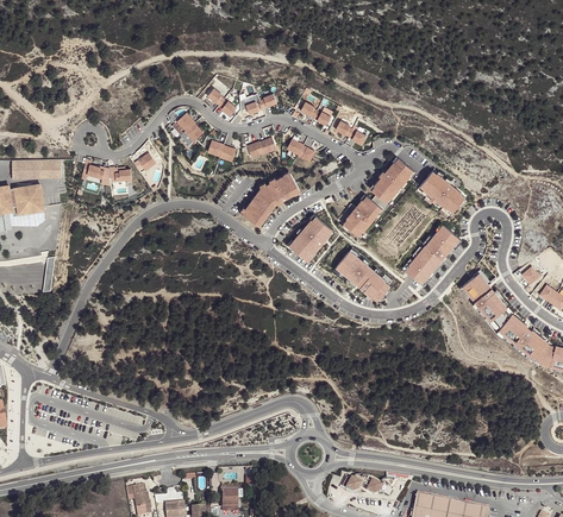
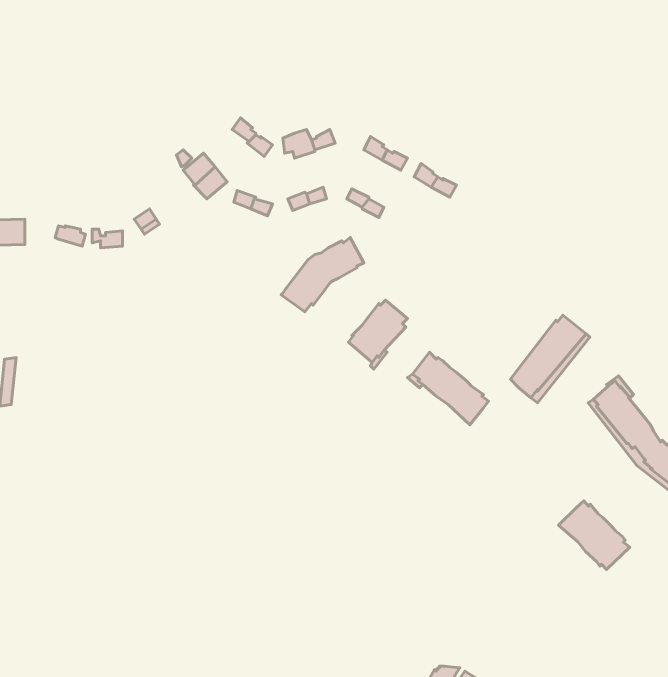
building: [338,157,413,234] -> none
building: [418,171,463,213] -> none
building: none -> [558,501,630,569]

